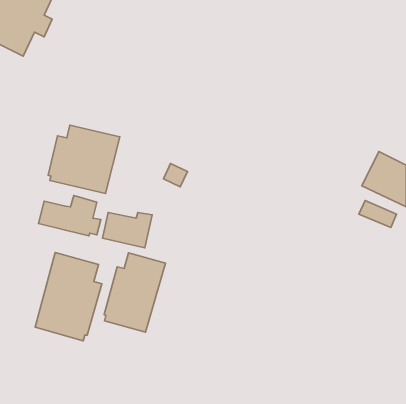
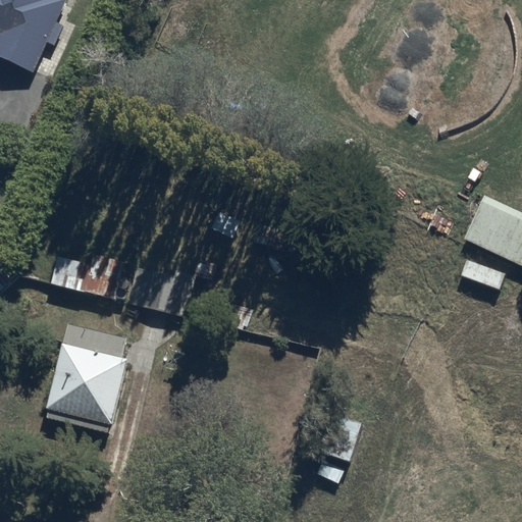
building: [48,125,120,194] -> none
building: [104,253,165,332] -> none

